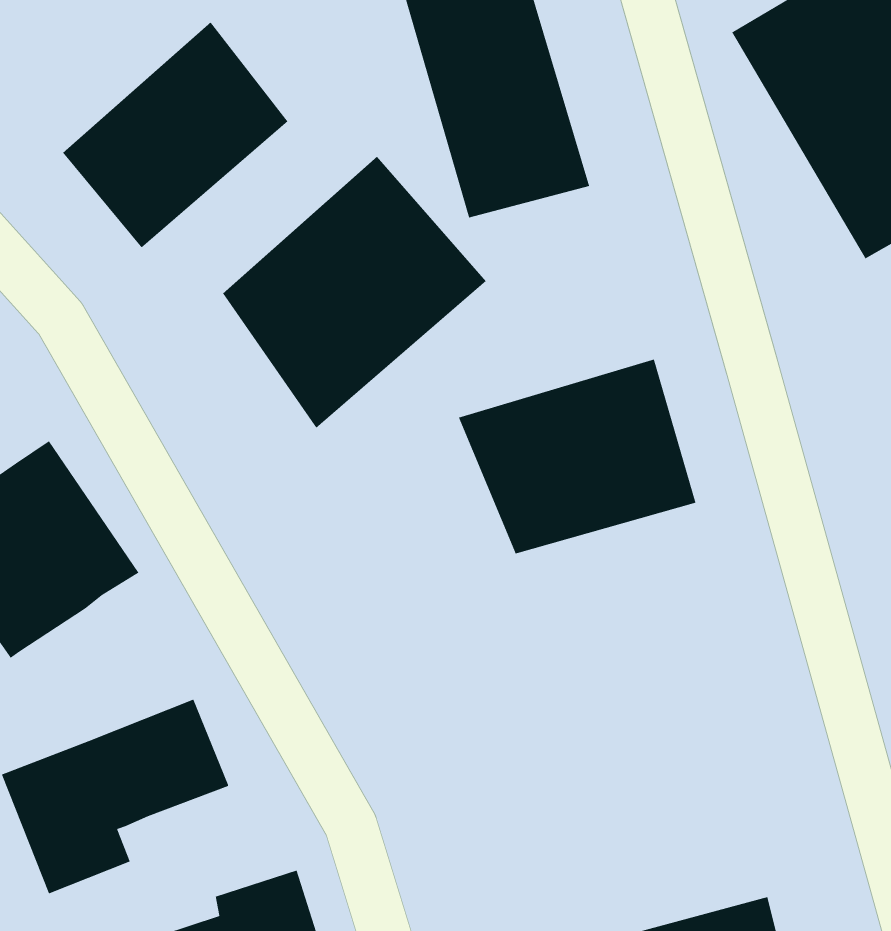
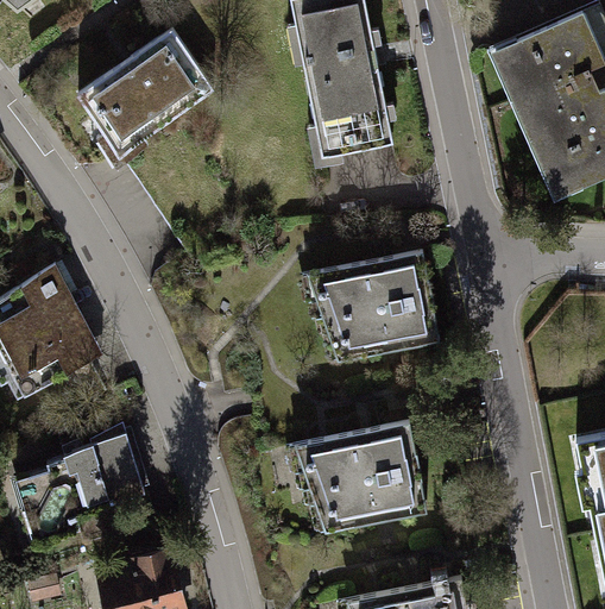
building: [222,156,487,429] -> none
building: none -> [295,421,434,529]

